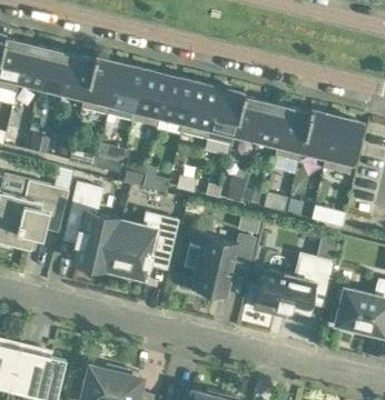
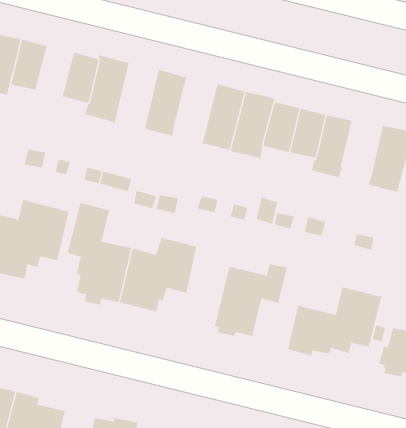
building: [39,50,71,93] -> none
building: [107,64,144,122] -> none
building: [158,77,194,123] -> none
building: [300,111,335,158] -> none

